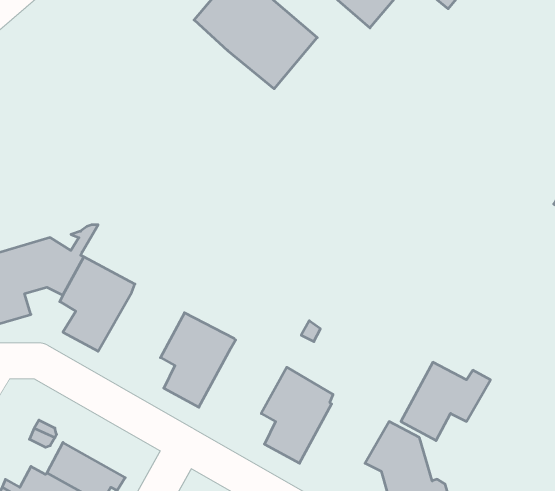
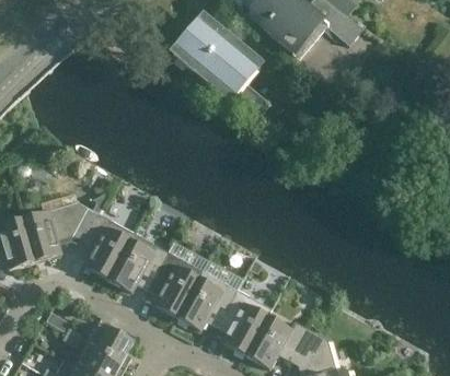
building: none -> [108,233,168,292]
building: none -> [177,271,238,330]
building: [401,362,490,441] -> [246,315,308,368]
building: none -> [84,320,134,365]

